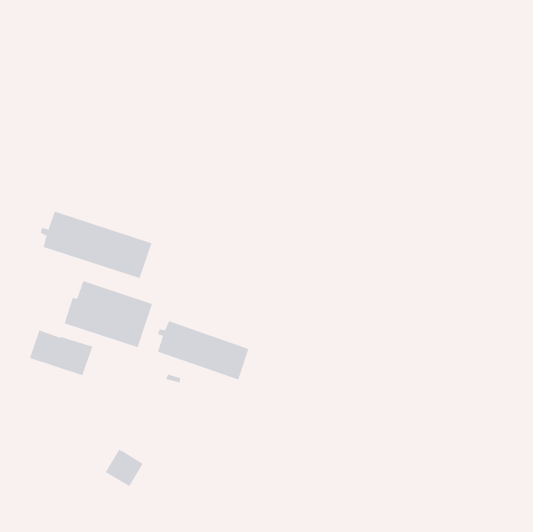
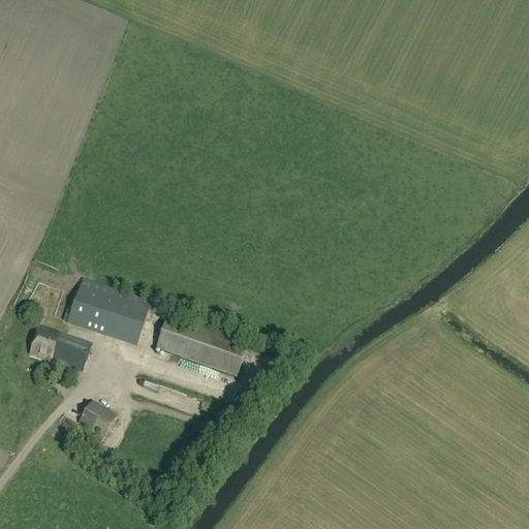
building: [40,211,152,279] -> none
building: [105,449,144,487] -> [77,400,116,437]

